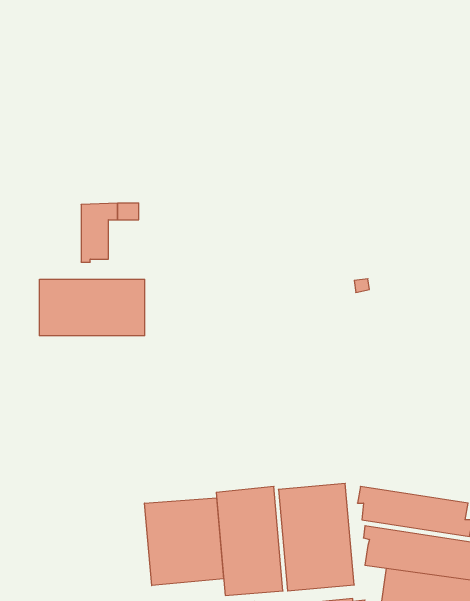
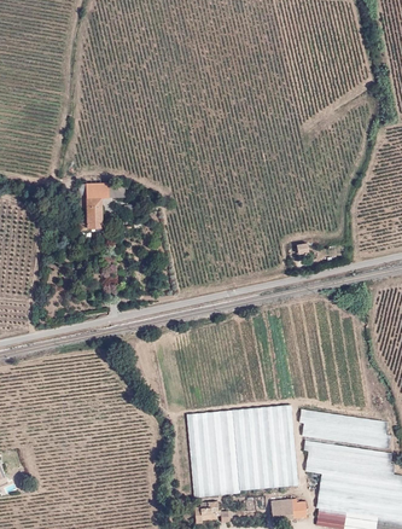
building: [39,279,145,336] -> none
building: [145,498,224,586] -> none

